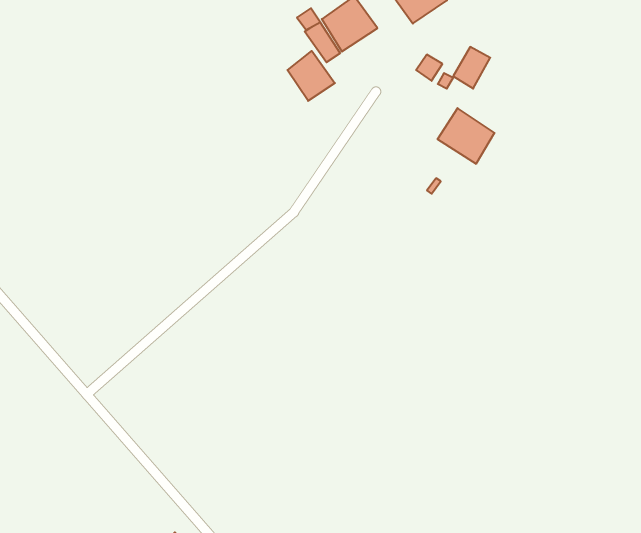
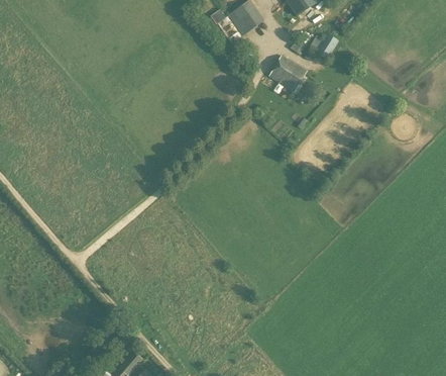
building: [287,51,335,101] -> none
building: [437,108,495,164] -> [270,54,308,90]

